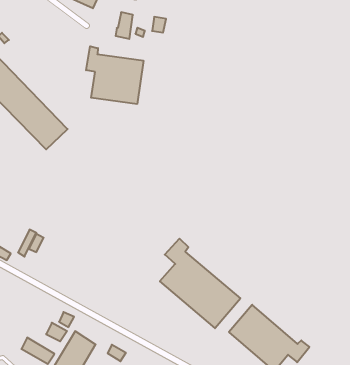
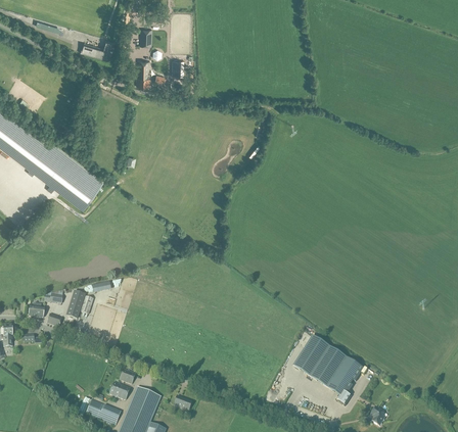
building: [86,46,143,104] -> none
building: [160,239,240,328] -> none

